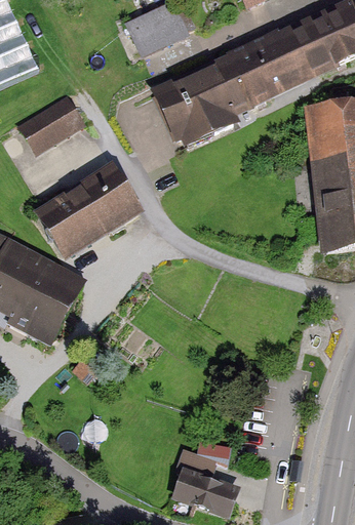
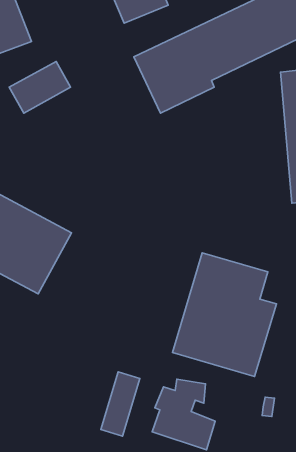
building: [34,165,140,259] -> none
building: none -> [172,253,276,377]
building: none -> [101,372,140,436]

